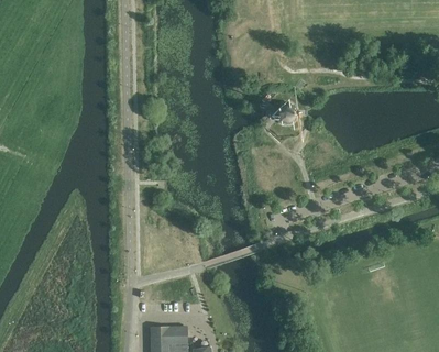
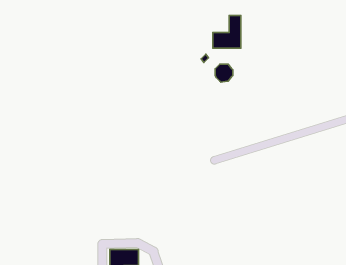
building: none -> [213,16,241,48]

